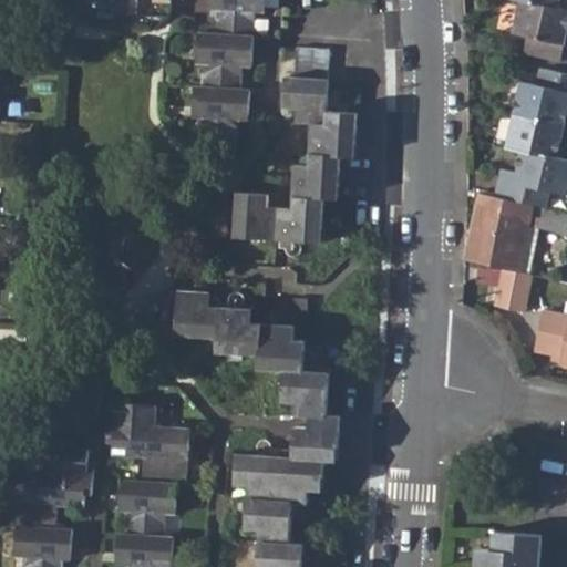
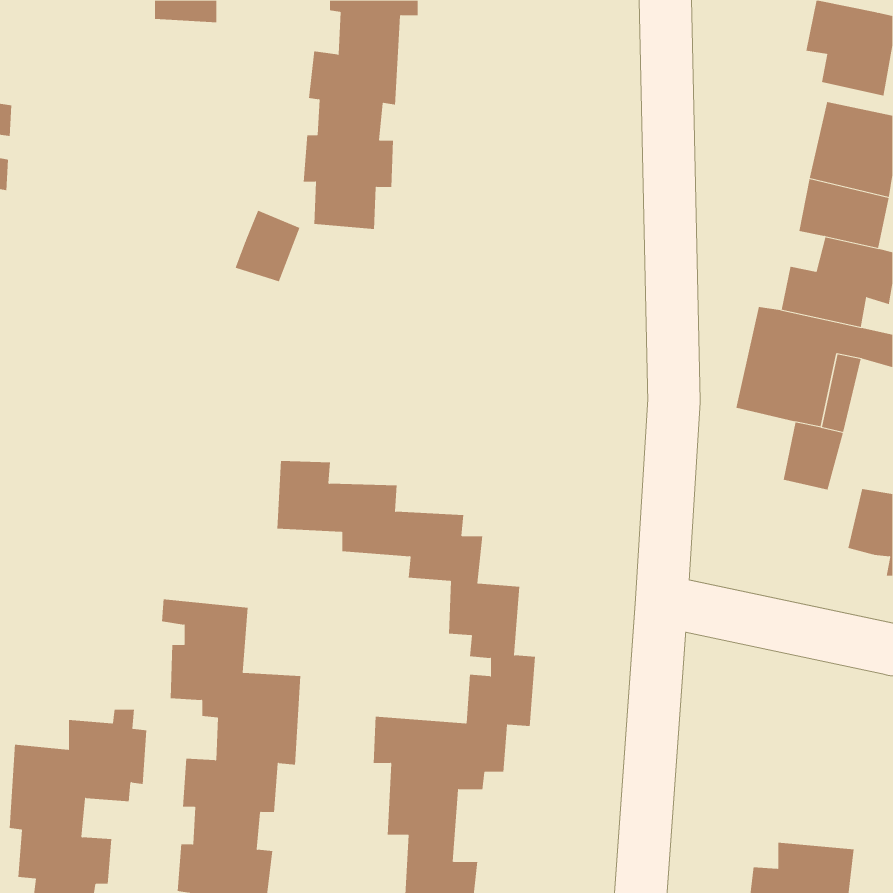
building: [236,48,358,241] -> none
building: none -> [235,210,300,282]

